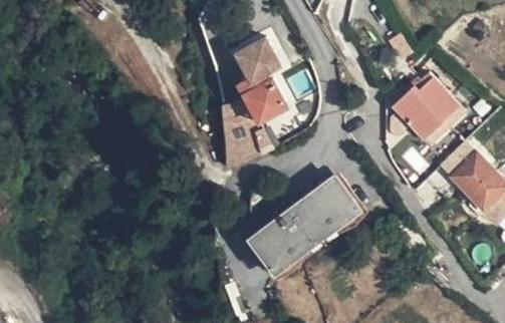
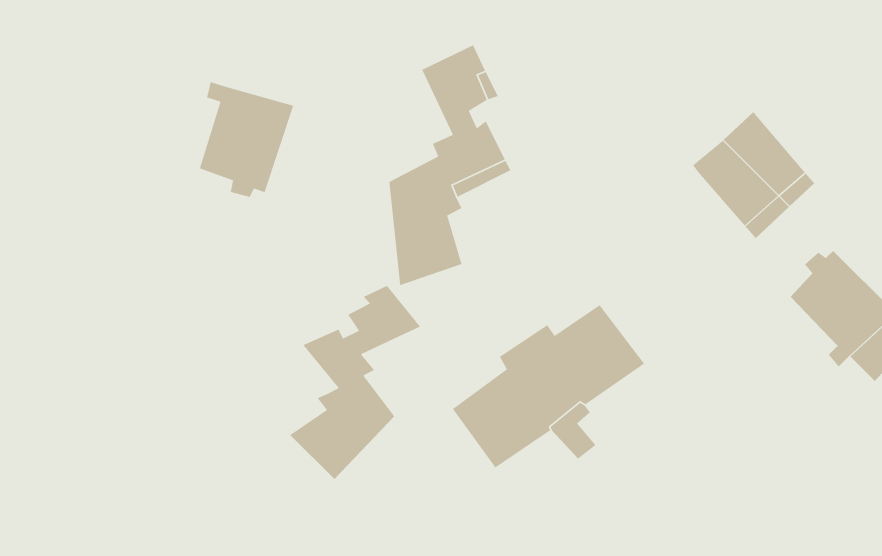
building: none -> [199,81,294,198]
building: none -> [289,285,421,480]

